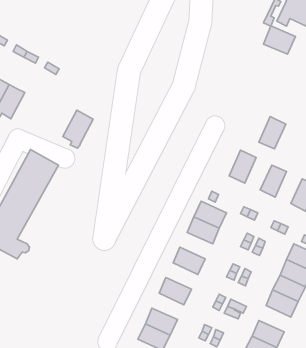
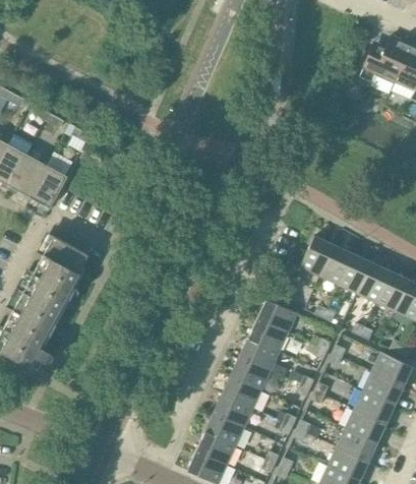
building: [263,26,295,54] -> none
building: [63,110,93,148] -> [31,165,68,211]
building: [259,117,286,149] -> [320,245,354,285]
building: none -> [358,262,392,302]
building: none -> [240,338,281,370]
building: none -> [223,375,262,408]
building: none -> [205,413,245,445]
building: none -> [338,428,377,461]

